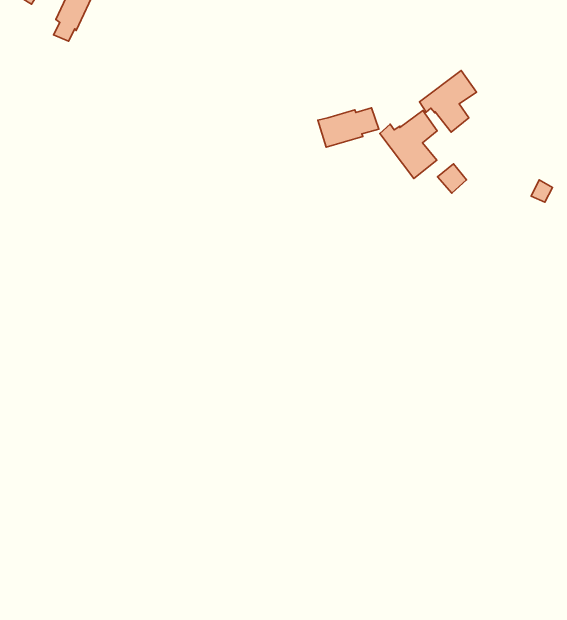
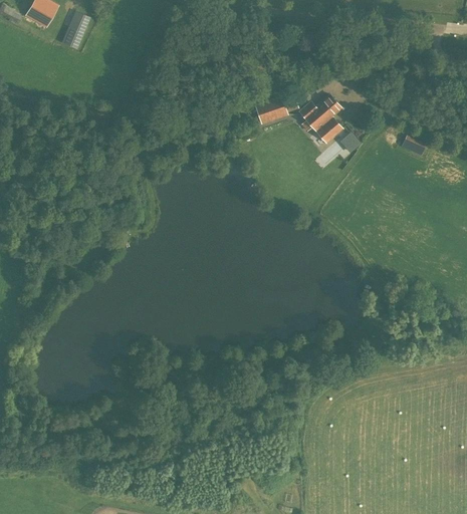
building: [420,71,477,132] -> none

